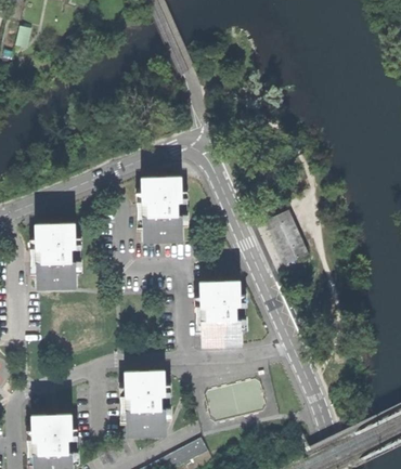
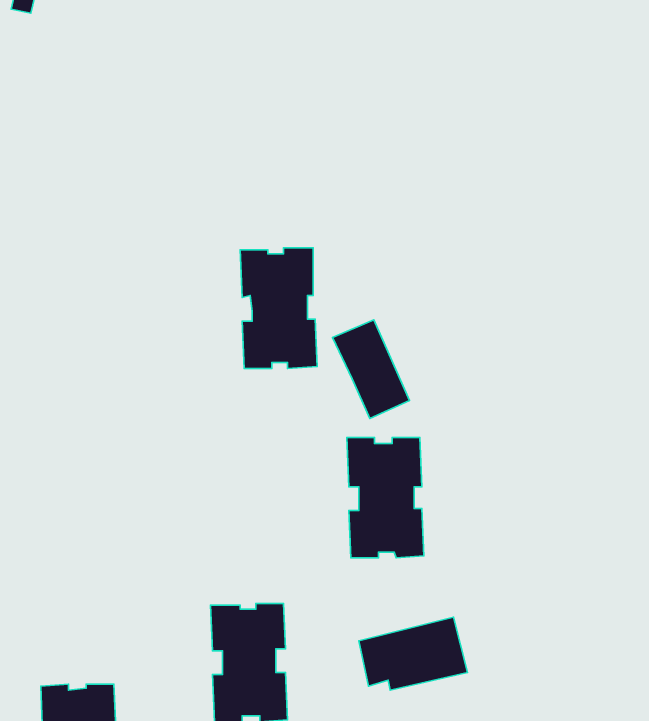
building: [264,210,307,264] -> [332,320,409,418]
building: [35,224,77,290] -> none

